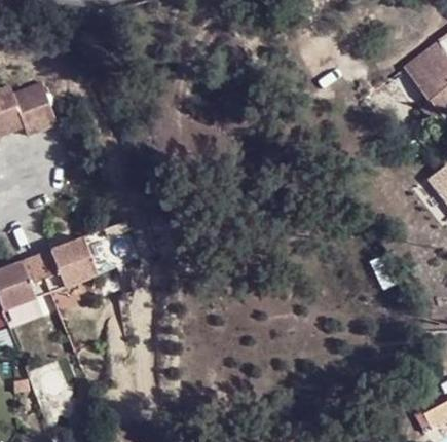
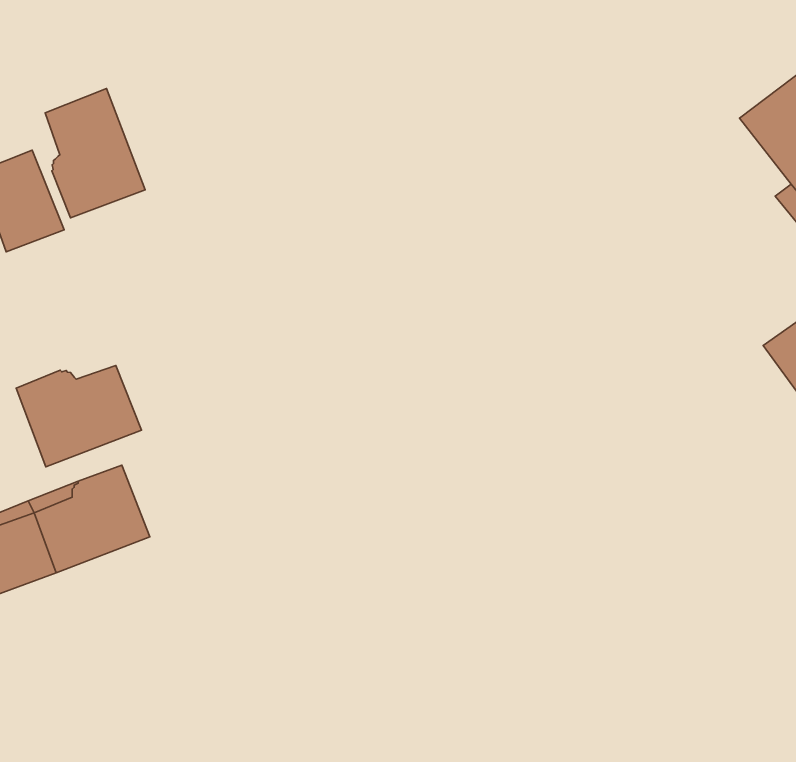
building: none -> [45,88,145,218]
building: none -> [16,365,142,467]

